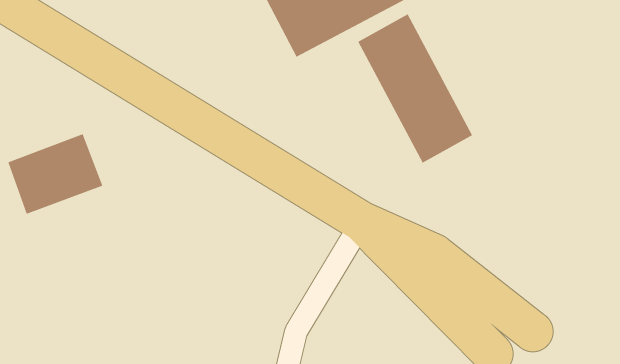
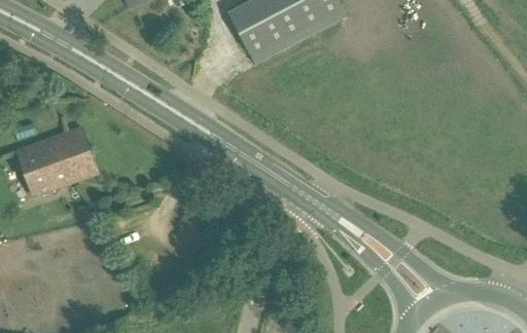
building: [357,14,473,164] -> none

